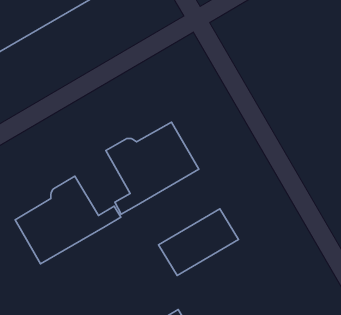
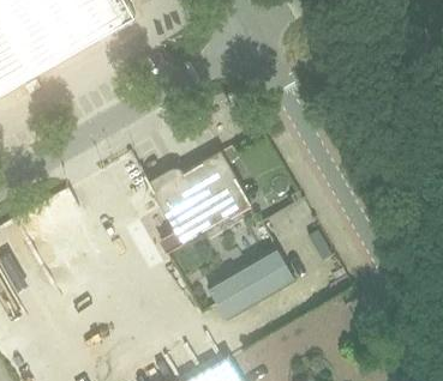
building: [15,176,121,264] -> none

